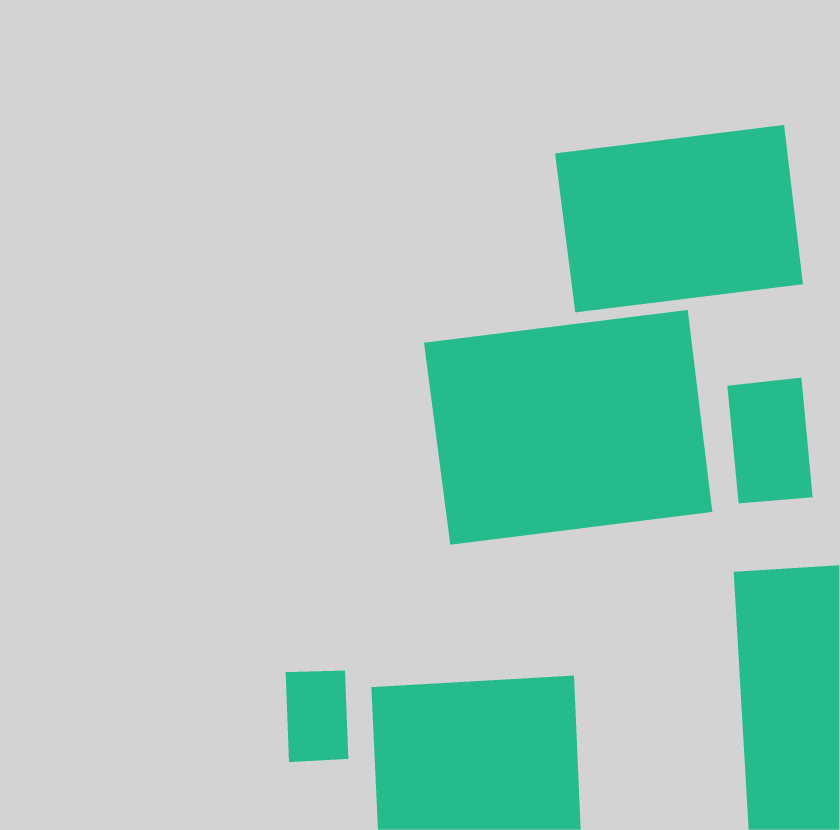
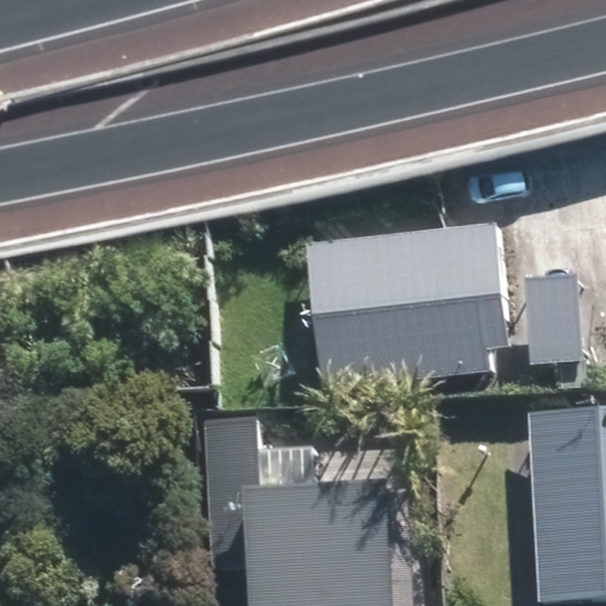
building: [554,124,803,313] -> none

